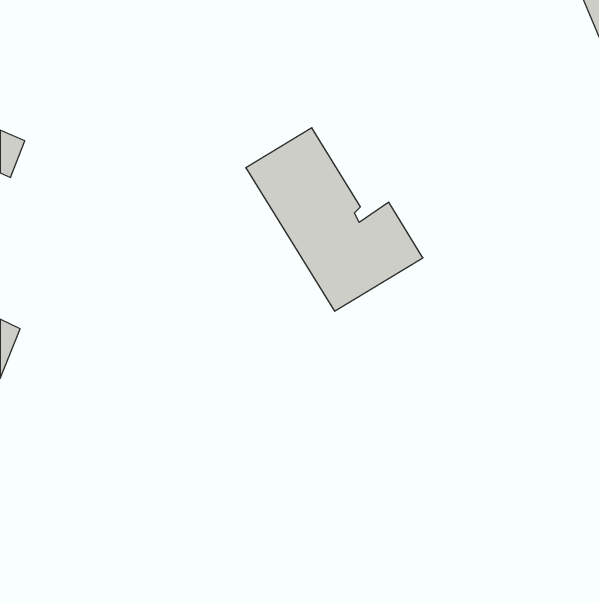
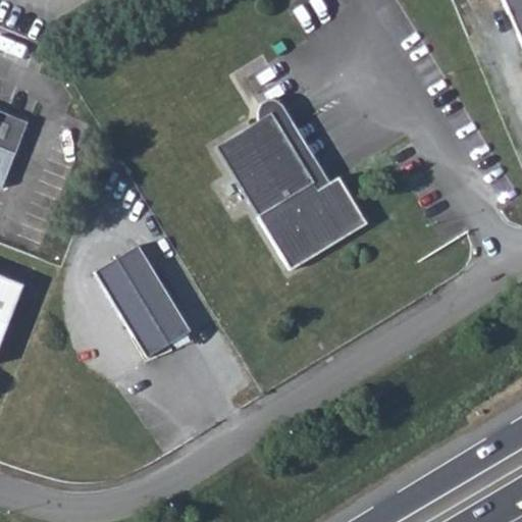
building: none -> [95,245,192,358]

